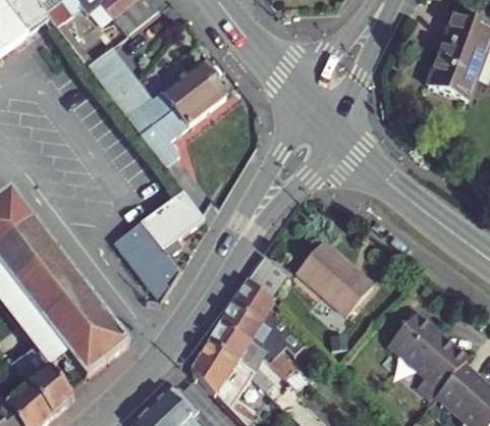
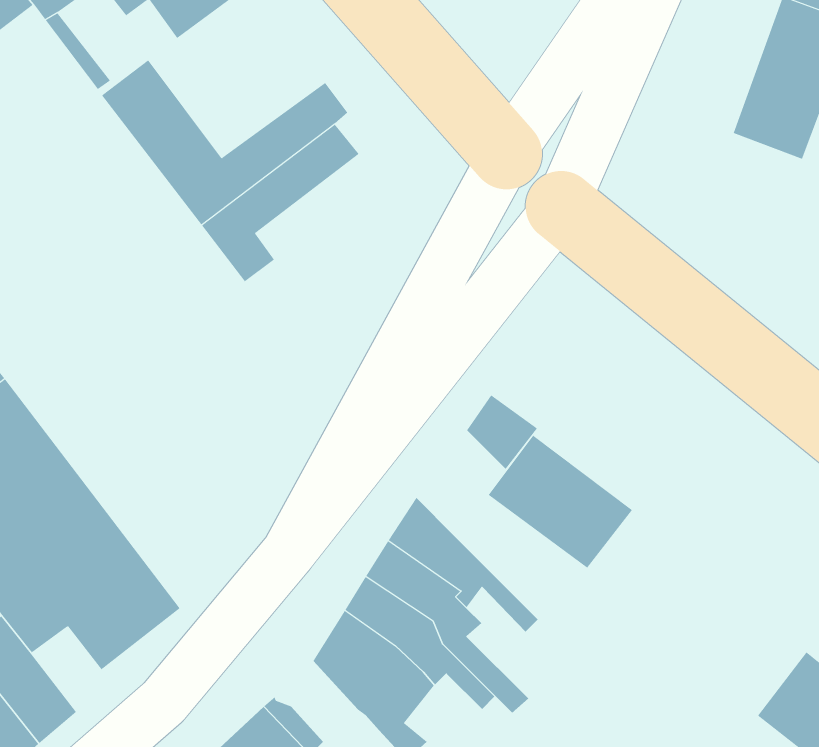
building: [106,182,200,302] -> none
building: [255,260,293,301] -> [466,394,538,470]
building: [387,316,466,402] -> none

